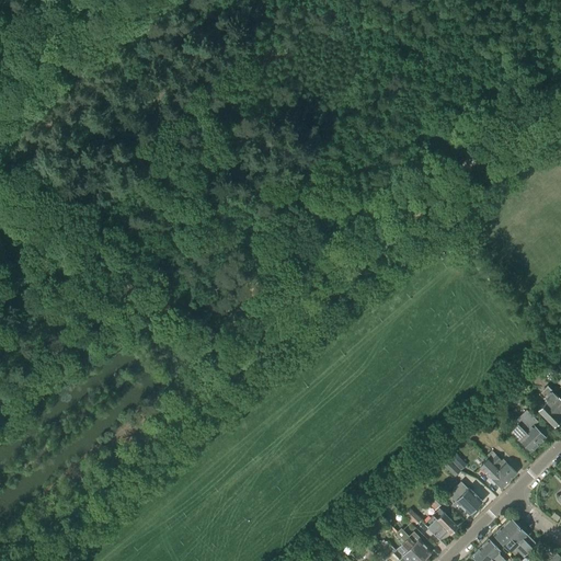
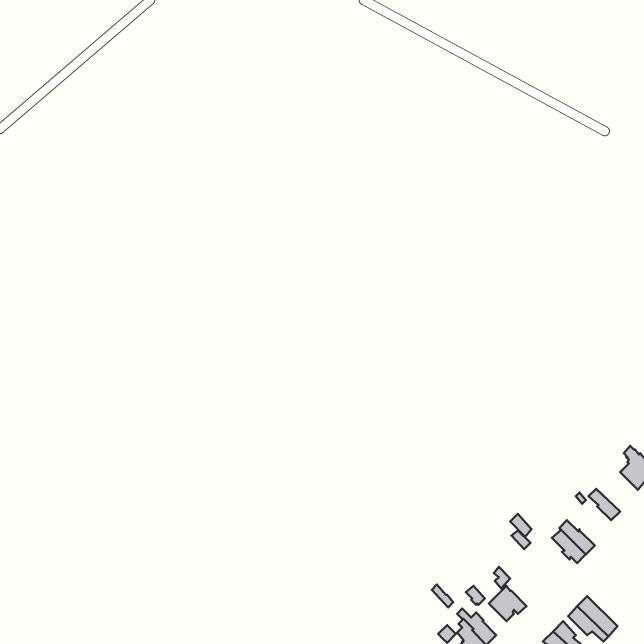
building: [516,411,549,445] -> none
building: [449,483,483,515] -> none

